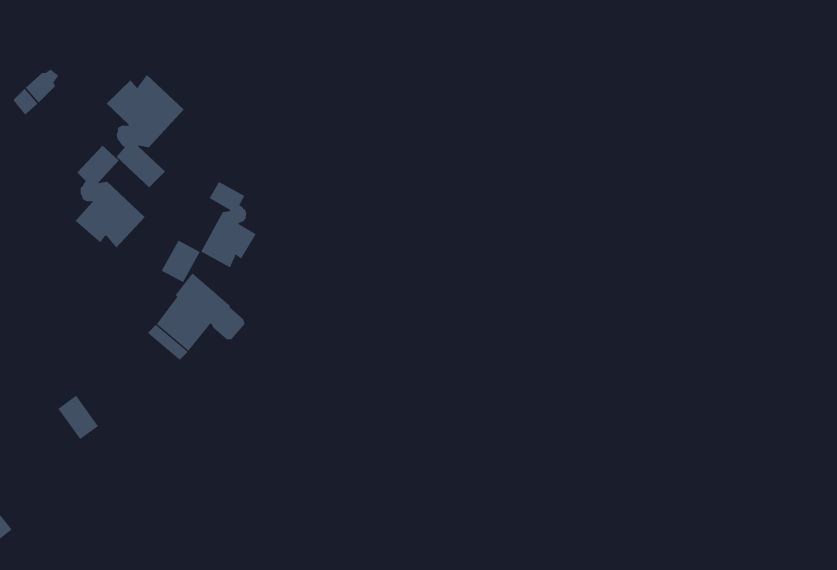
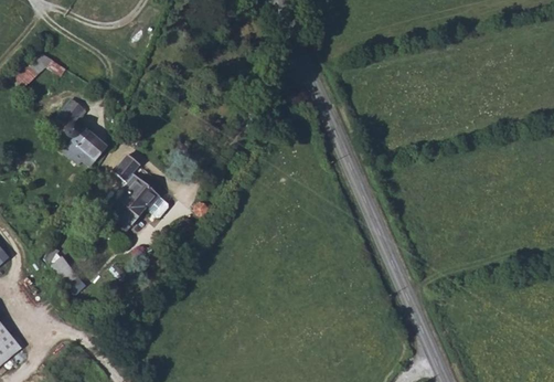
building: [106,74,184,188] -> none
building: [201,181,257,268] -> none

